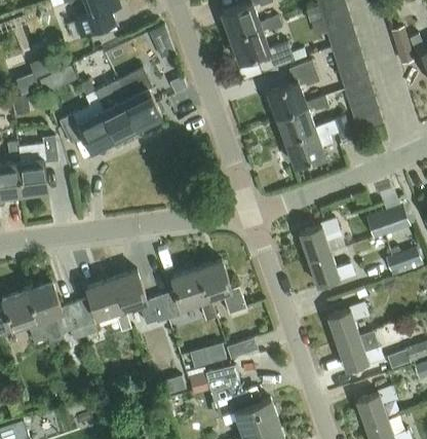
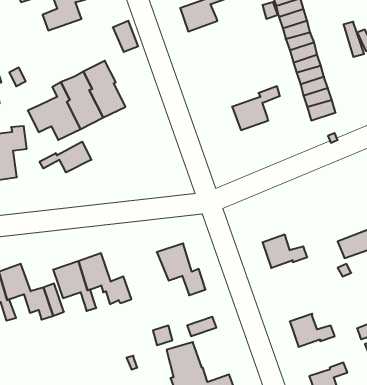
building: [228,17,306,73] -> none
building: [265,62,316,117] -> none
building: [283,117,350,167] -> none
building: none -> [40,142,91,172]
building: [366,204,411,240] -> none
building: [298,219,338,260] -> none
building: [160,270,217,322] -> none
building: [326,302,366,343] -> none

